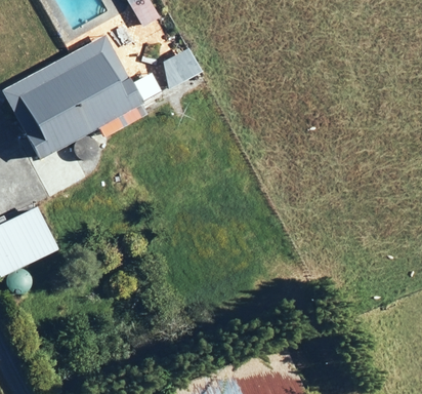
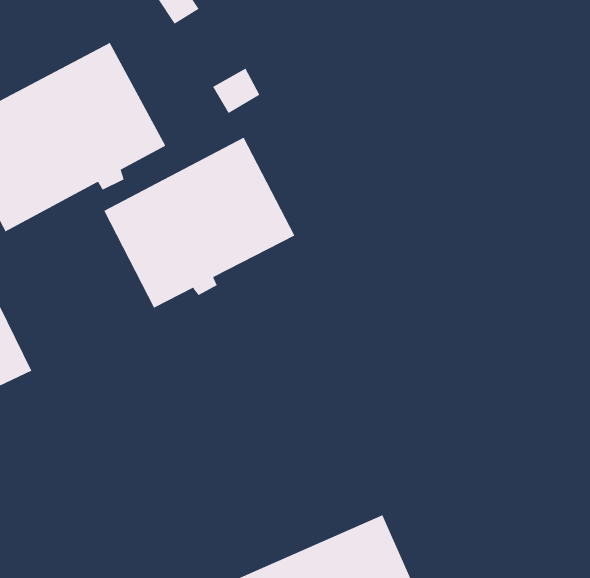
building: none -> [103,137,295,309]

